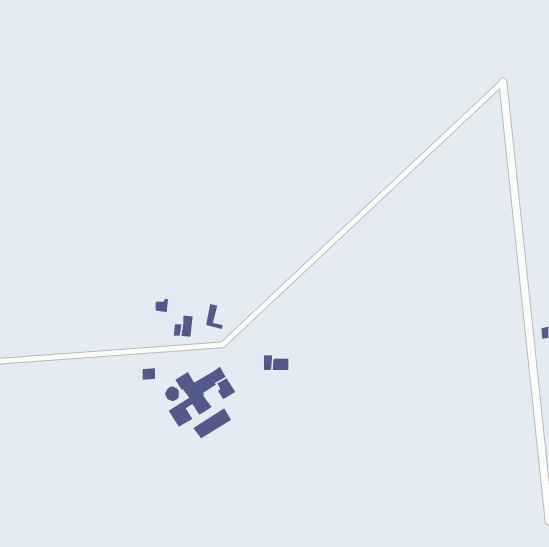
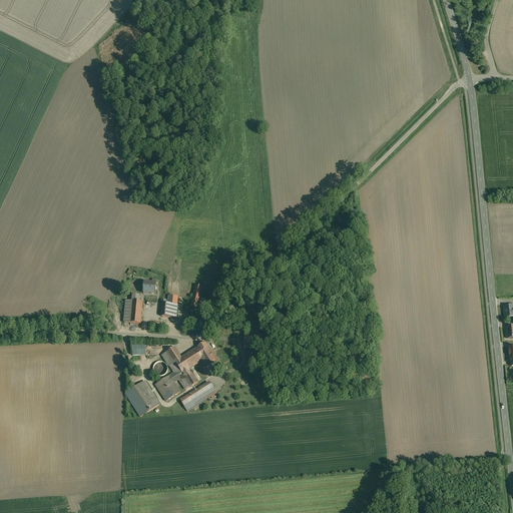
building: none -> [123,299,142,322]
building: none -> [126,380,159,415]

